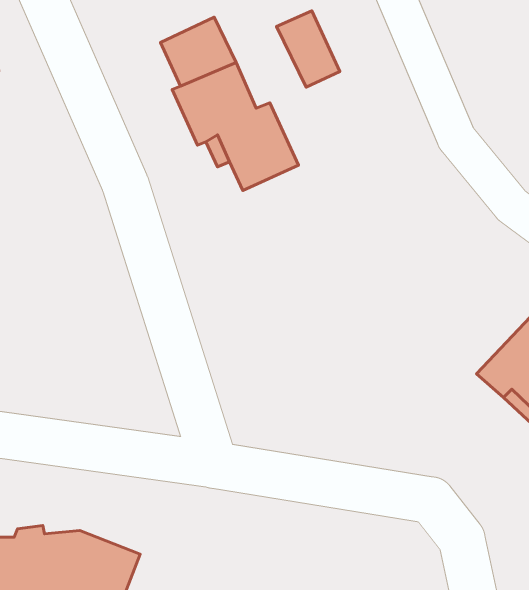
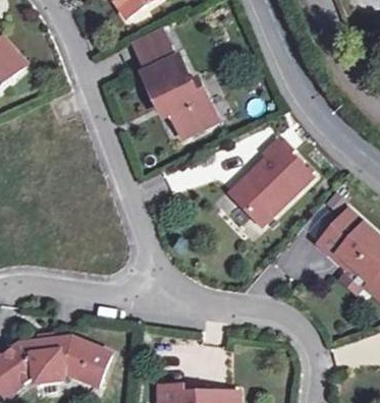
building: [276,11,340,87] -> none
building: none -> [230,137,312,223]

